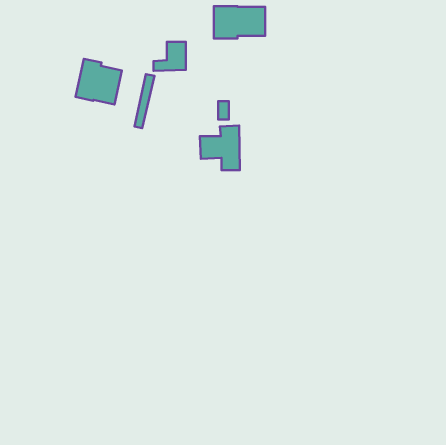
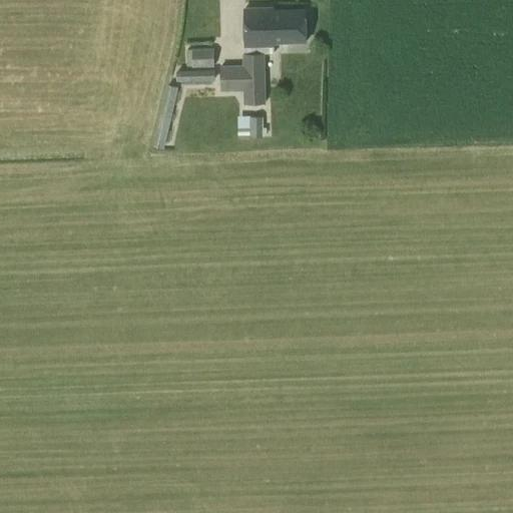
building: [75,59,122,104] -> none
building: [200,126,240,170] -> [219,54,266,105]

